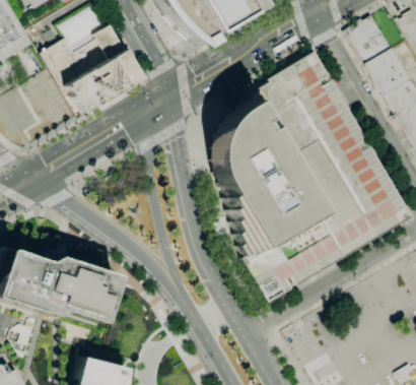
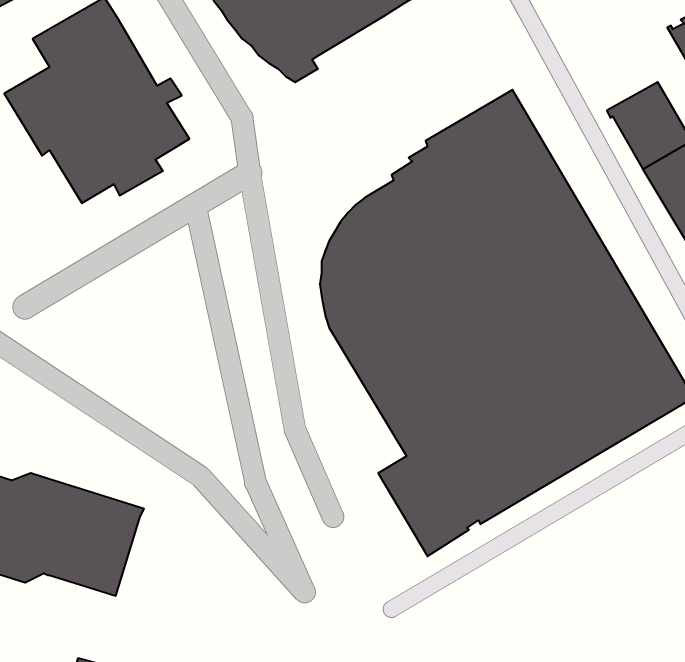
building: [346,14,393,62] -> none

